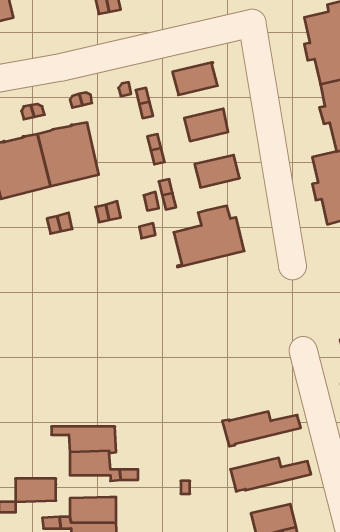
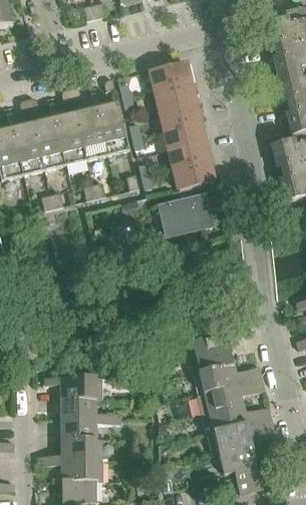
building: none -> [156,81,195,109]
building: none -> [76,102,129,158]
building: none -> [166,121,204,149]
building: none -> [175,161,214,189]
building: none -> [187,331,234,372]
building: none -> [197,378,265,414]
building: none -> [209,418,274,454]
building: [15,479,56,502] -> [61,419,96,439]

